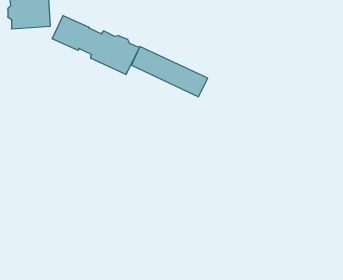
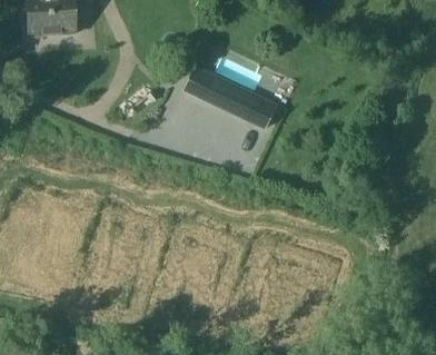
building: [52,15,139,75] -> none

